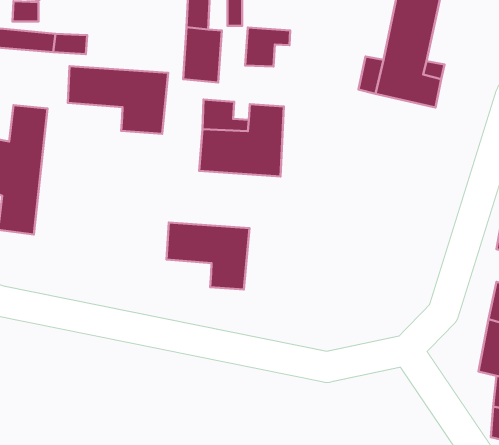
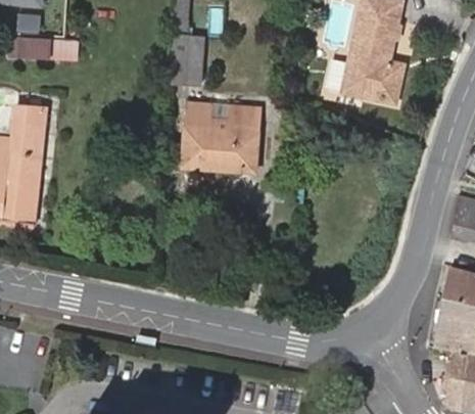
building: [245,28,290,66] -> none
building: [68,66,168,134] -> none
building: [167,223,250,290] -> none

